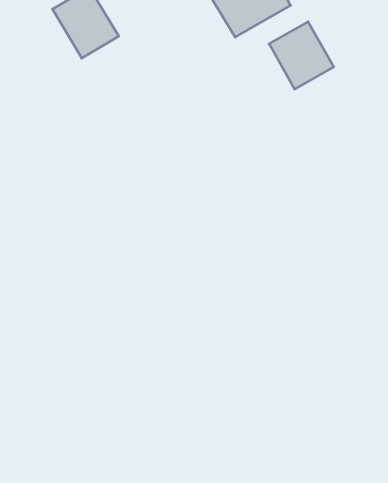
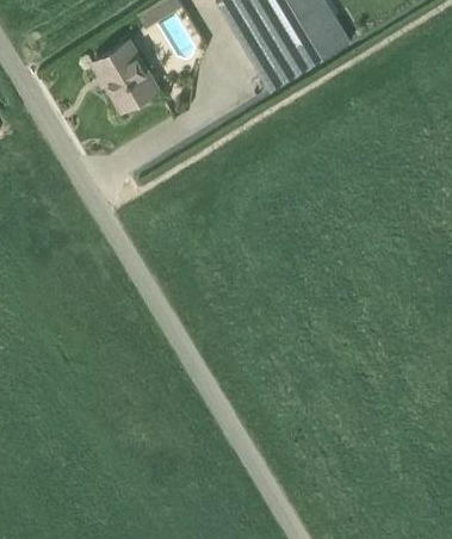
building: [269,22,334,89] -> none

